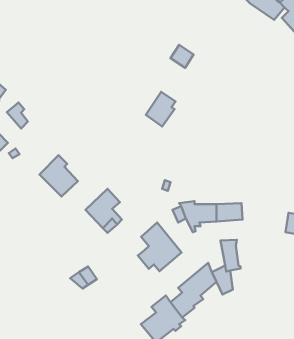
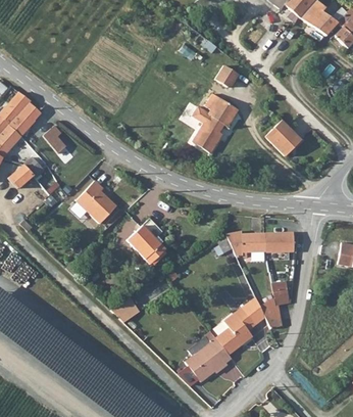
building: none -> [204,92,238,127]
building: none -> [266,120,301,156]
building: [138,222,181,271] -> none

